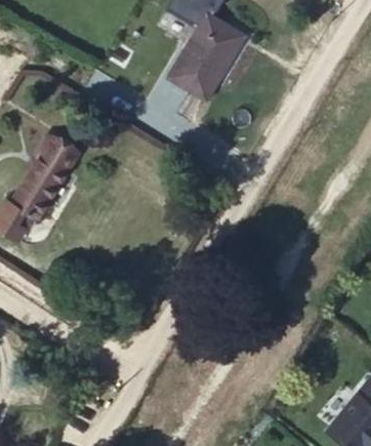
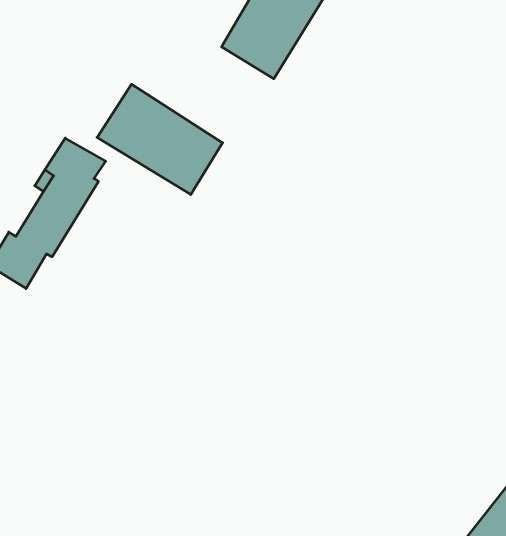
building: none -> [97,84,223,195]

